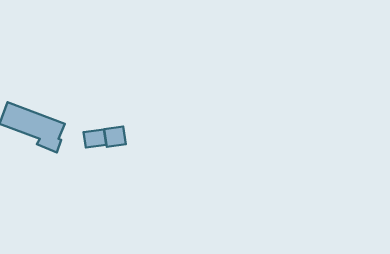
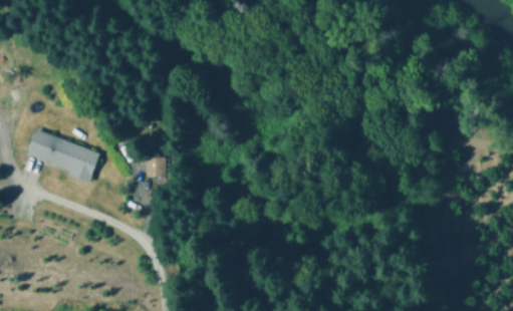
building: [84,130,106,148] -> none

